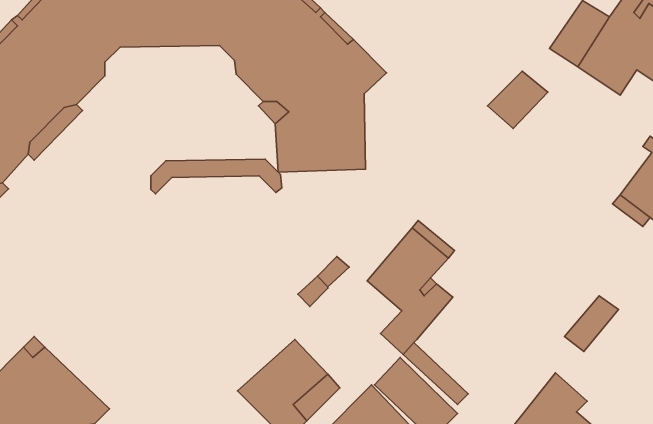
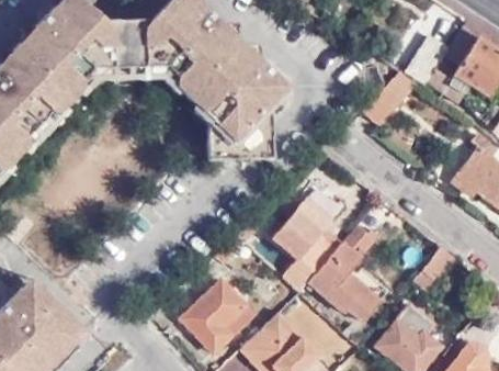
building: [151,159,282,194] -> [81,67,177,92]
building: none -> [308,223,381,319]

